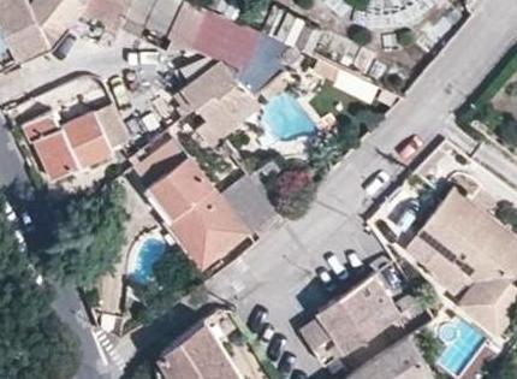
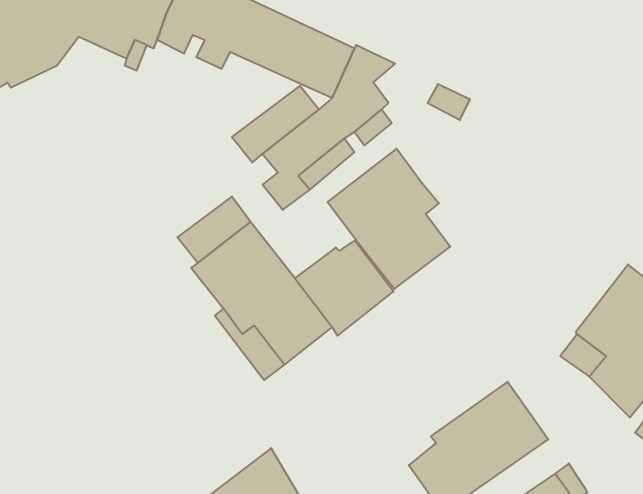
building: [24,105,131,183] -> none
building: none -> [328,149,450,289]

